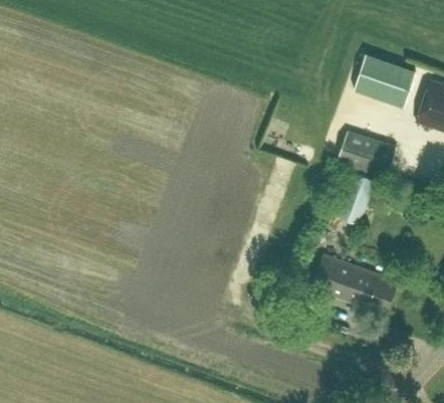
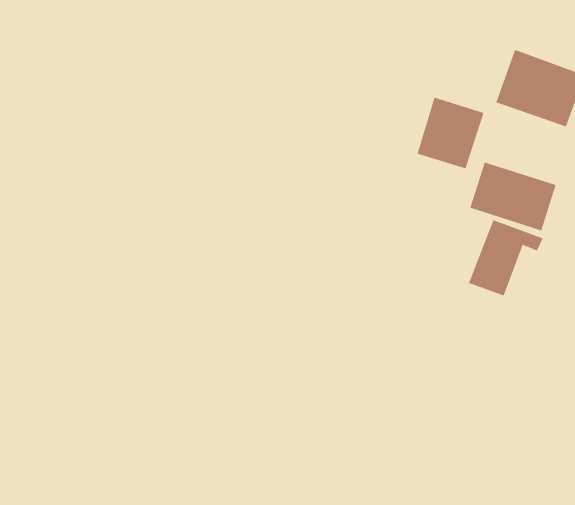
building: none -> [417,97,484,169]
building: [310,254,396,309] -> none

